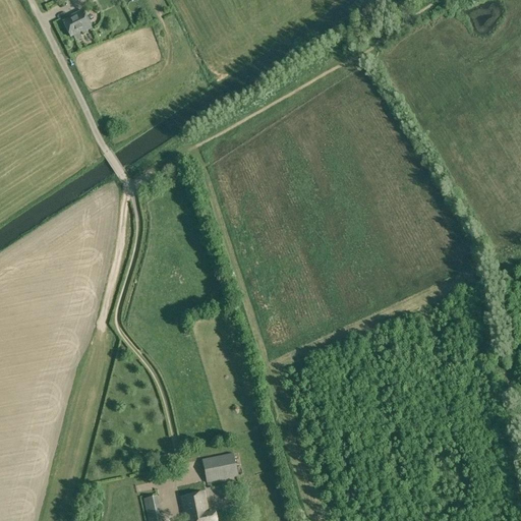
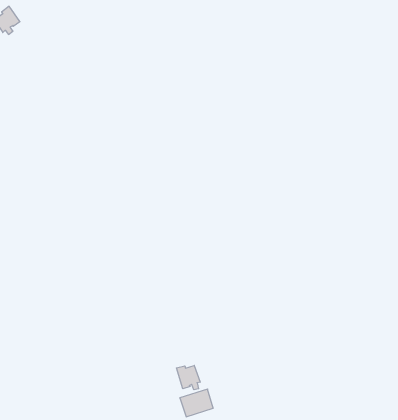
building: none -> [176,365,200,390]

